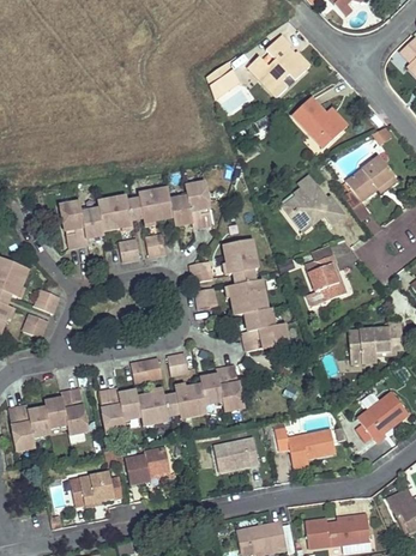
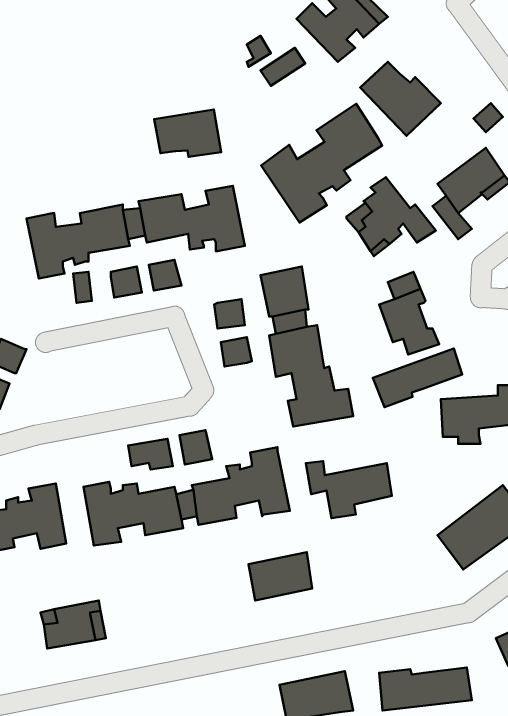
building: none -> [261,104,382,223]
building: none -> [154,110,221,157]
building: none -> [373,348,462,407]
building: [275,428,334,467] -> [306,461,392,518]
building: [126,447,170,484] -> none

